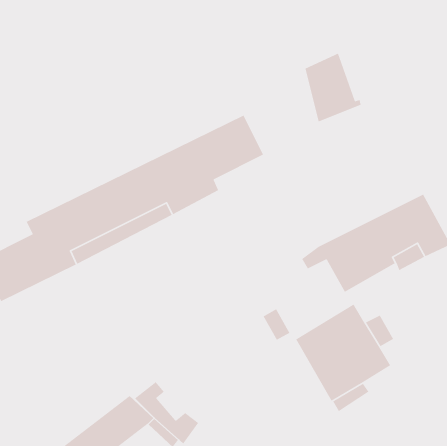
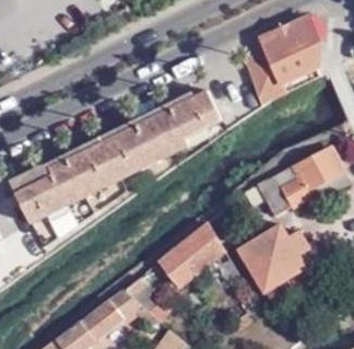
building: none -> [269,15,320,79]
building: none -> [157,218,225,286]

